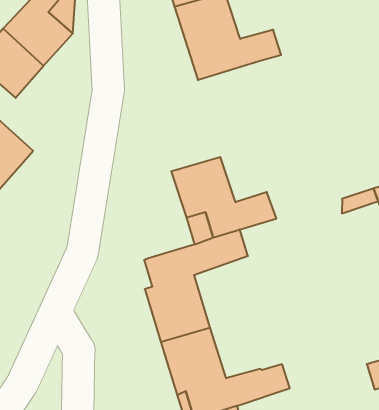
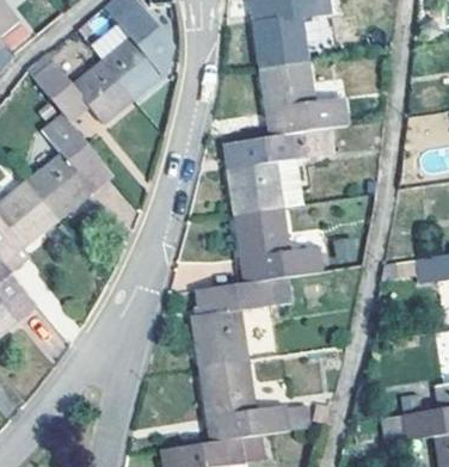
building: none -> [224,127,333,214]

